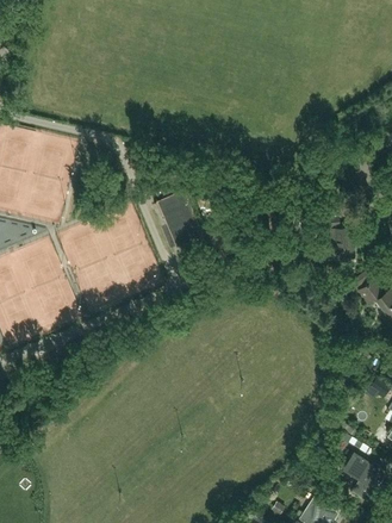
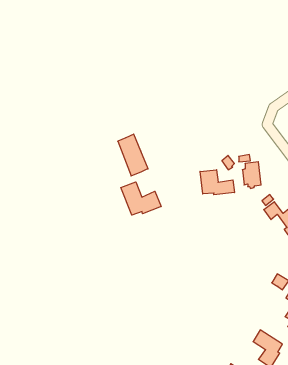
building: none -> [200,170,234,195]
building: none -> [121,182,161,215]

